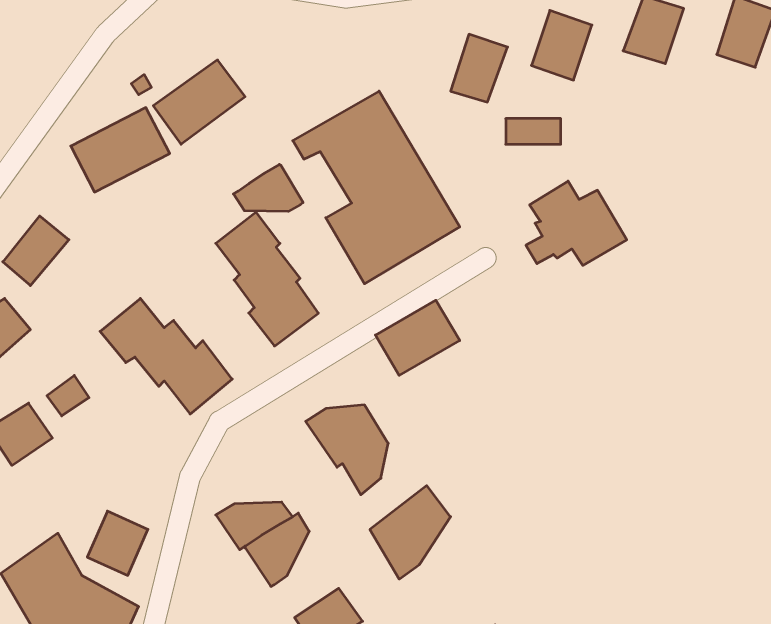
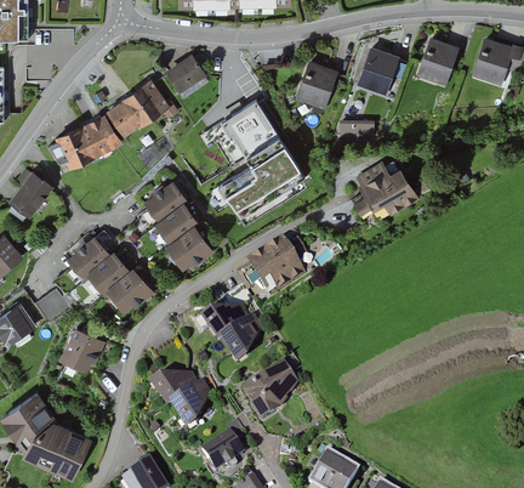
building: none -> [163,52,201,90]
building: [233,164,303,211] -> none
building: [87,511,148,575] -> [67,328,107,370]

